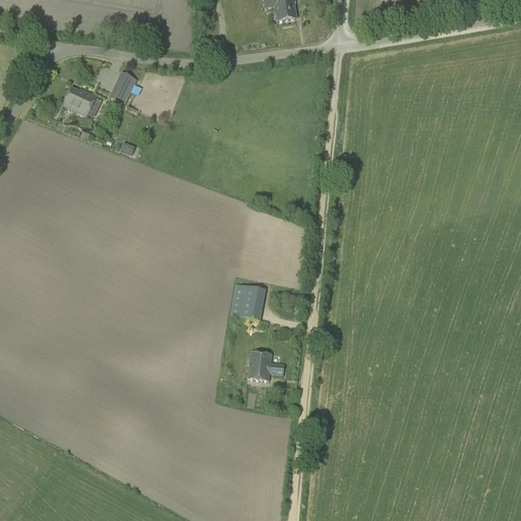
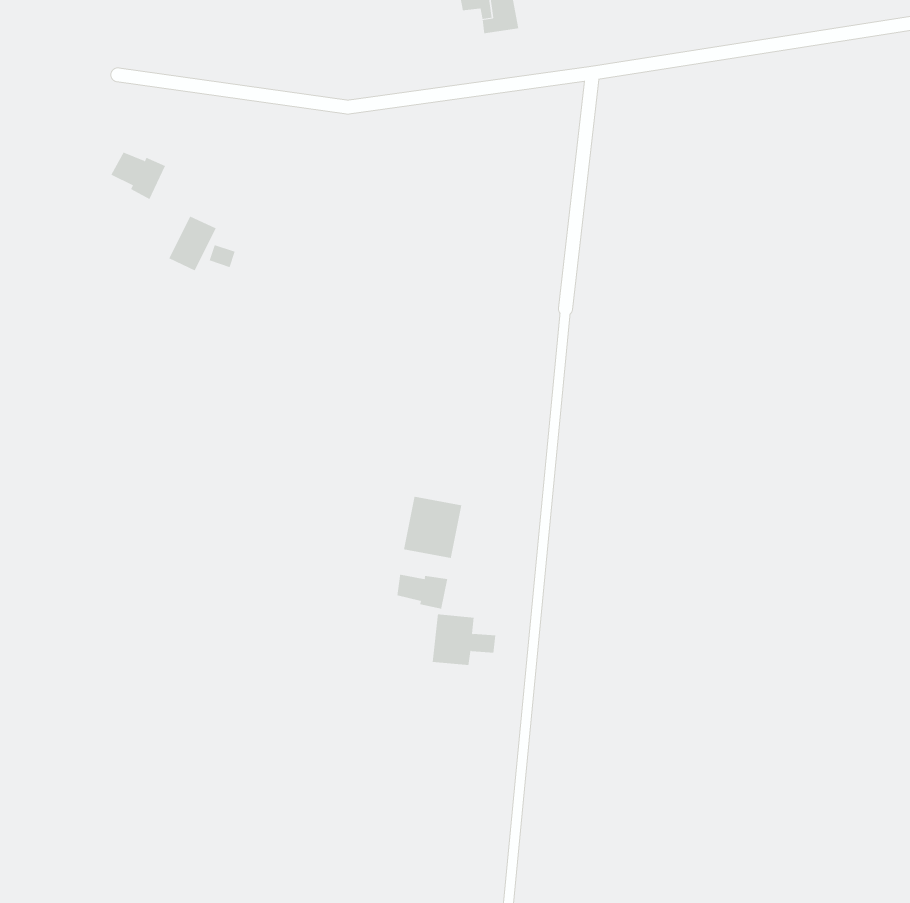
building: [110,71,137,103] -> [168,216,217,271]
building: none -> [397,574,448,609]

